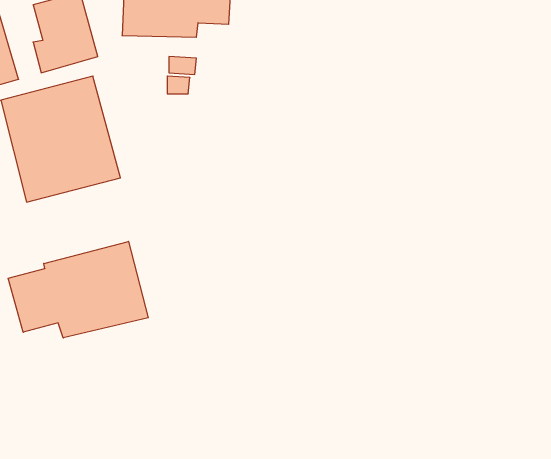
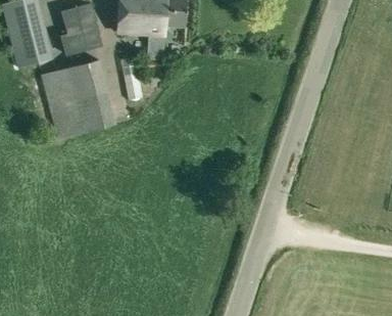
building: [8,241,148,338] -> none

